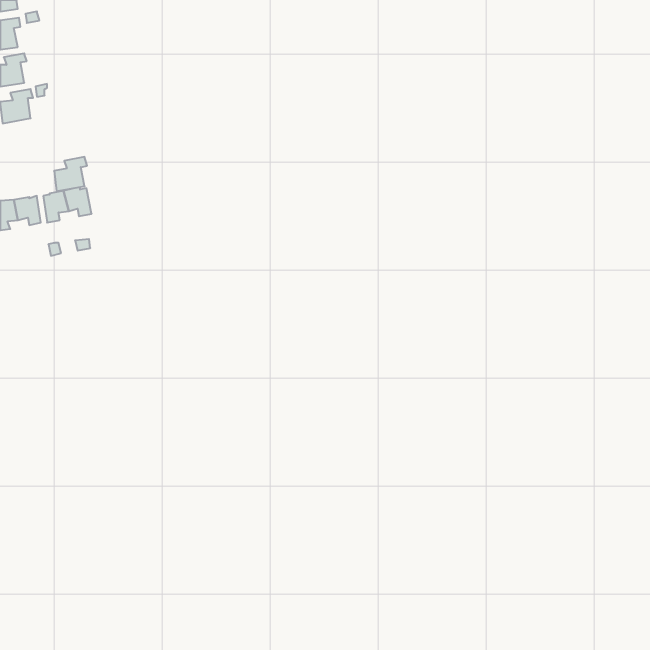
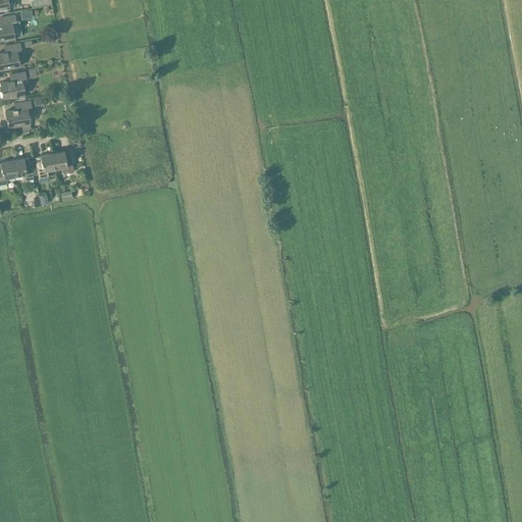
building: [54,157,87,191] -> [5,100,32,127]

